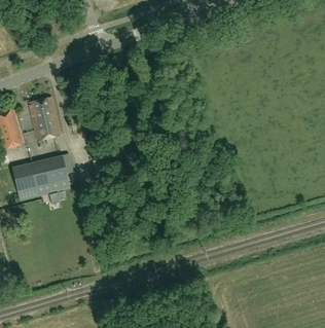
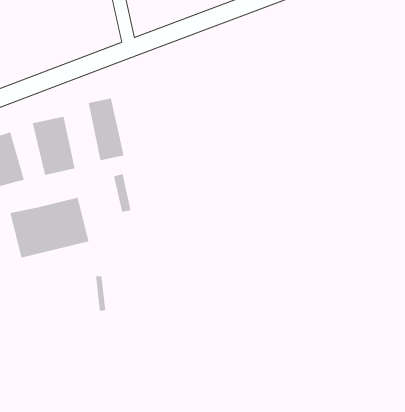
building: none -> [88,98,125,161]

